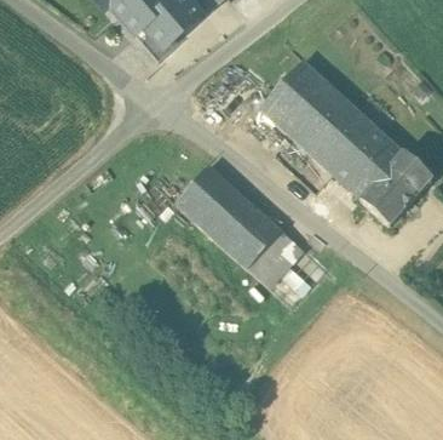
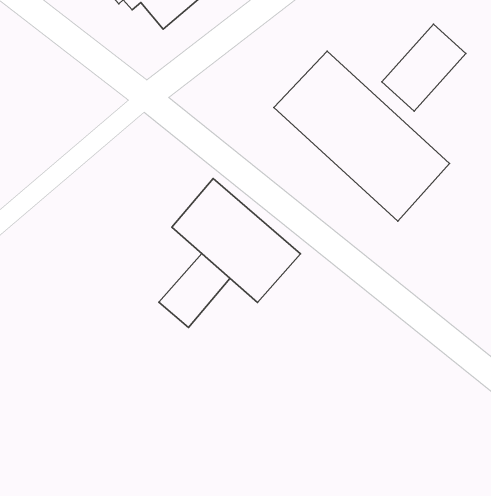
building: [362,155,431,227] -> [382,24,466,111]
building: [247,229,305,290] -> [159,253,230,327]

